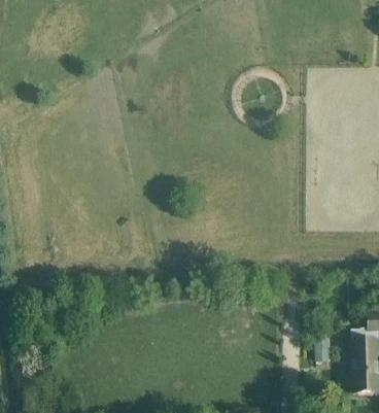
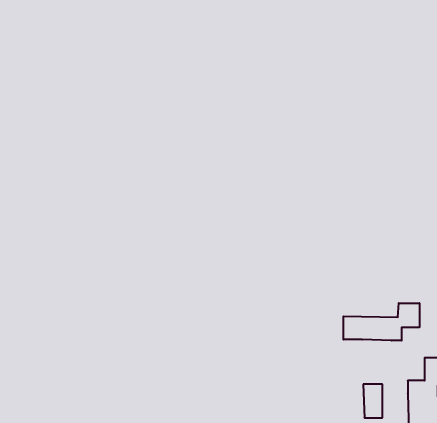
building: none -> [343,303,419,341]

